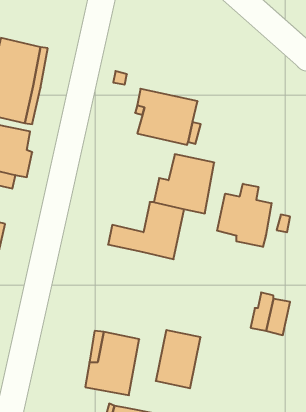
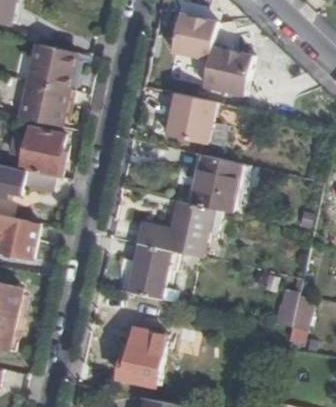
building: none -> [171,14,262,98]
building: [217,184,272,247] -> none
building: [156,330,201,388] -> [127,243,170,299]

